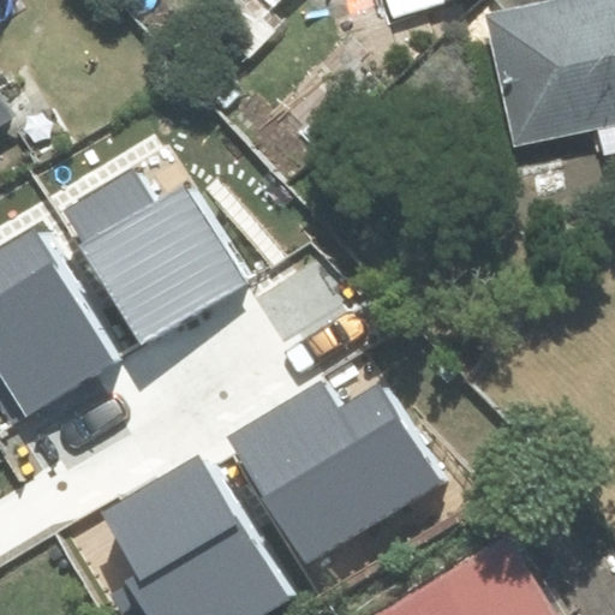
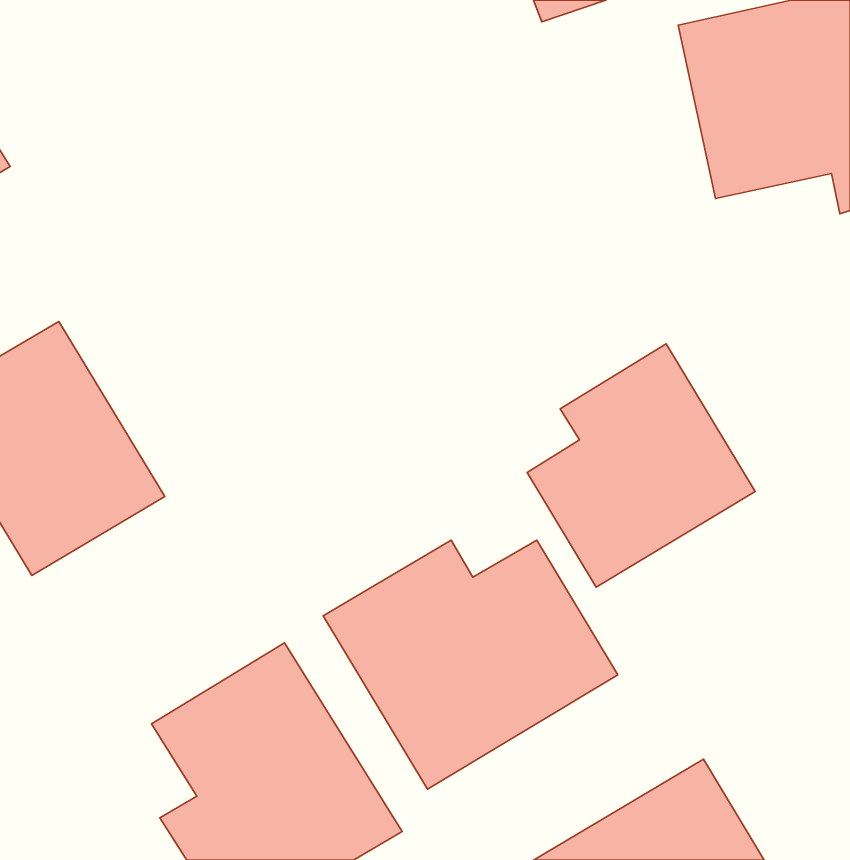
building: [65,171,244,339] -> none
building: none -> [527,344,755,587]

